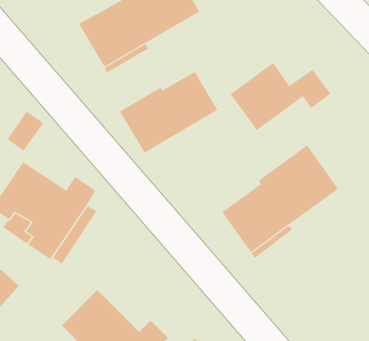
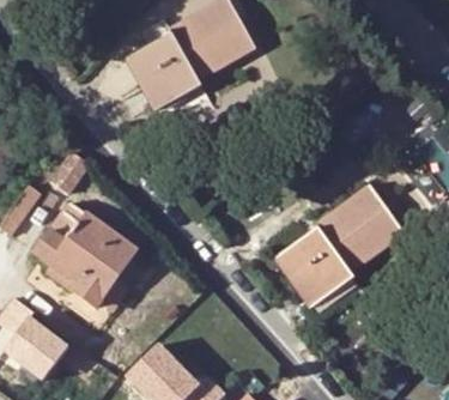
building: [230,62,331,131] -> none
building: [119,71,218,154] -> none

